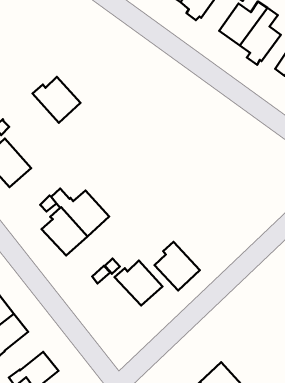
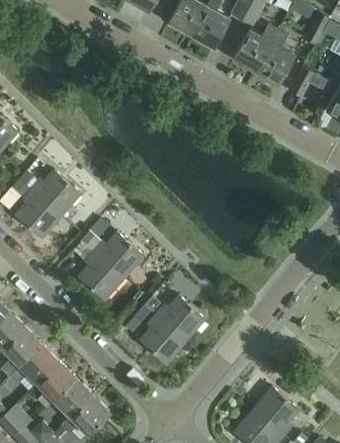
building: [33,77,80,123] -> [31,170,80,215]
building: [155,242,200,290] -> [140,315,185,362]
building: none -> [55,378,93,418]

